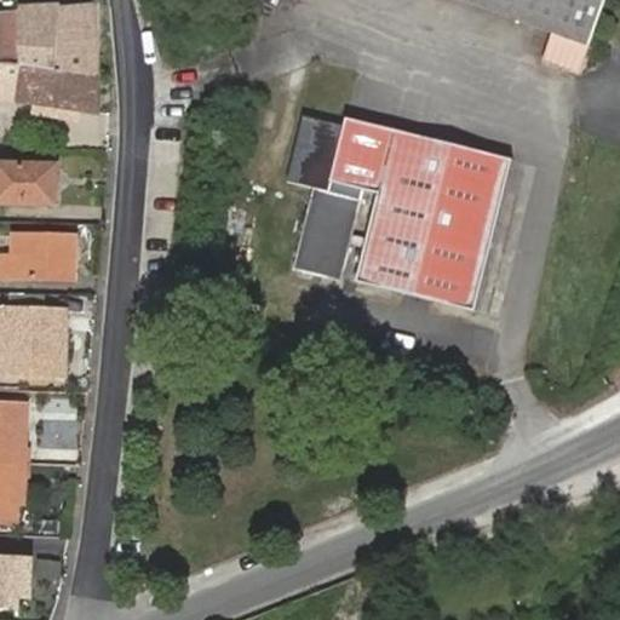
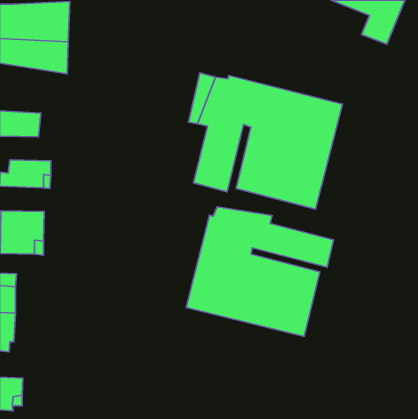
building: none -> [186,207,333,337]

